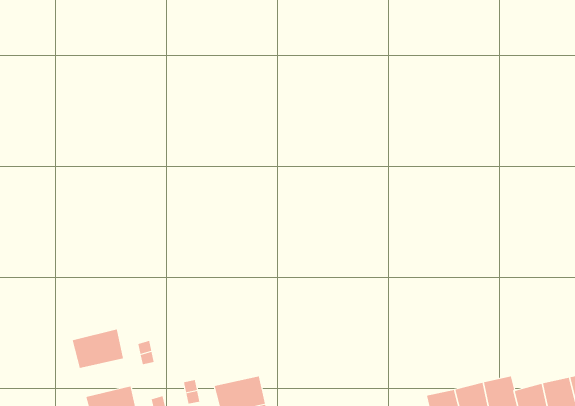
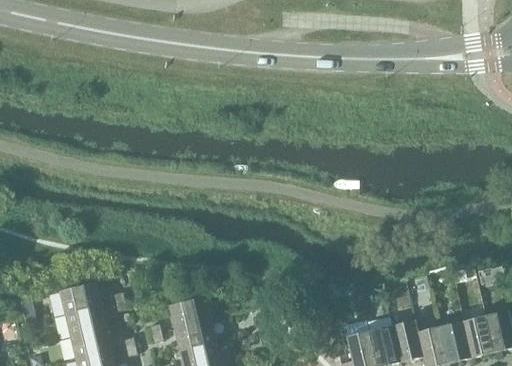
building: none -> [170,297,212,328]
building: none -> [66,306,108,337]

